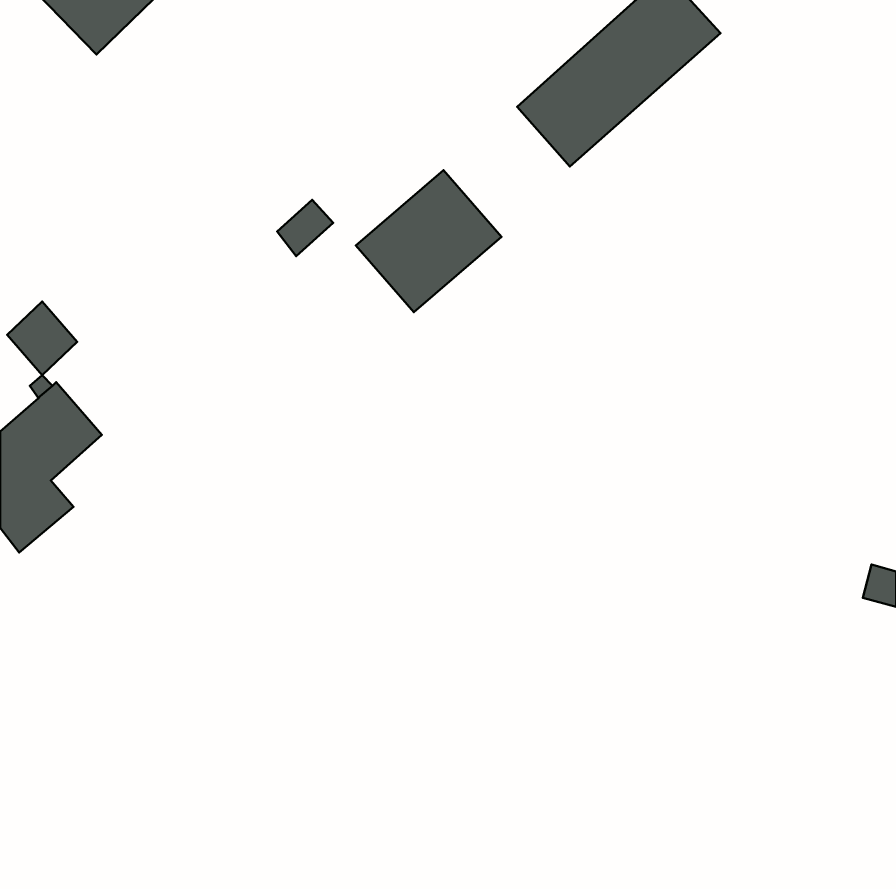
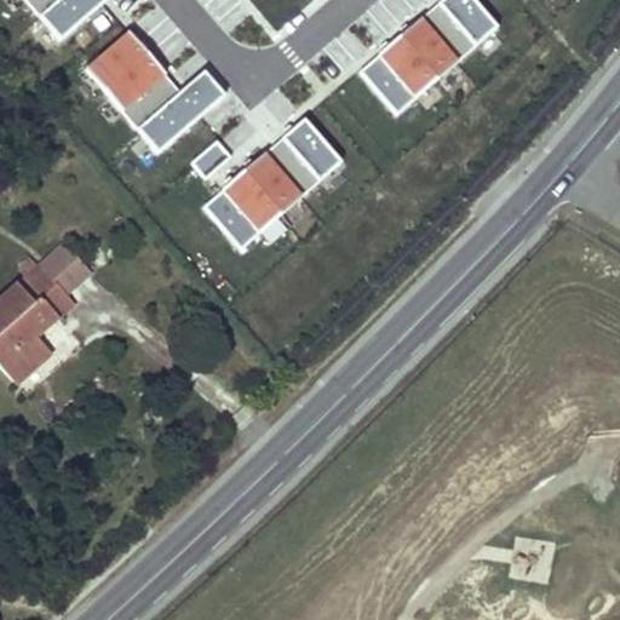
building: none -> [85,28,224,149]
building: none -> [205,170,286,251]
building: [7,302,77,375] -> [39,241,87,292]

